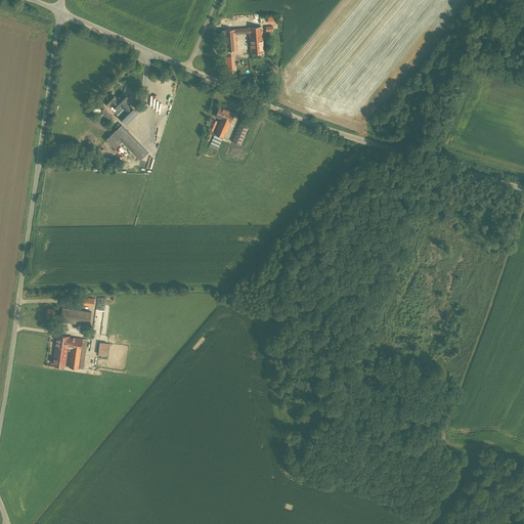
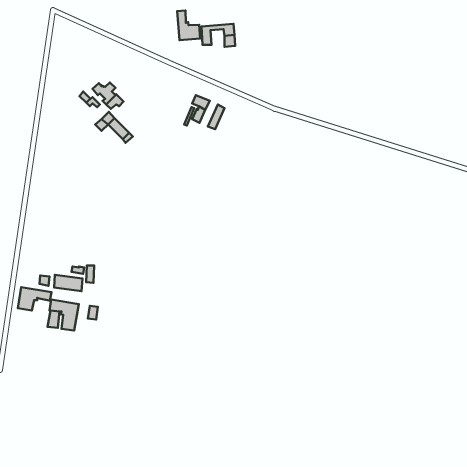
building: none -> [177,10,200,40]
building: none -> [18,287,51,311]

